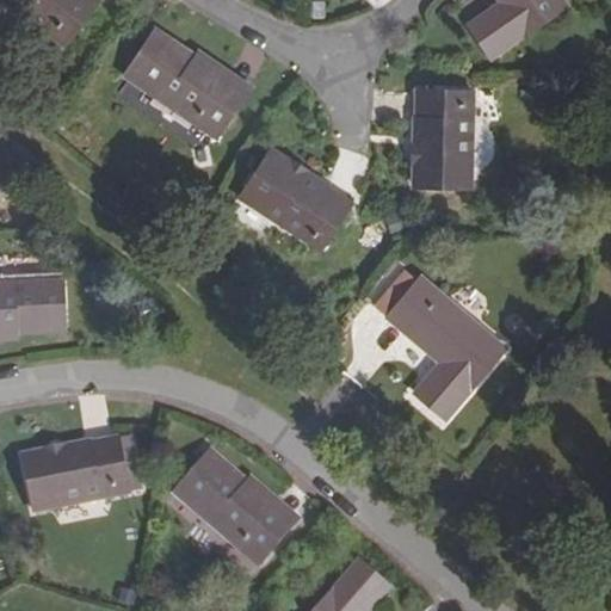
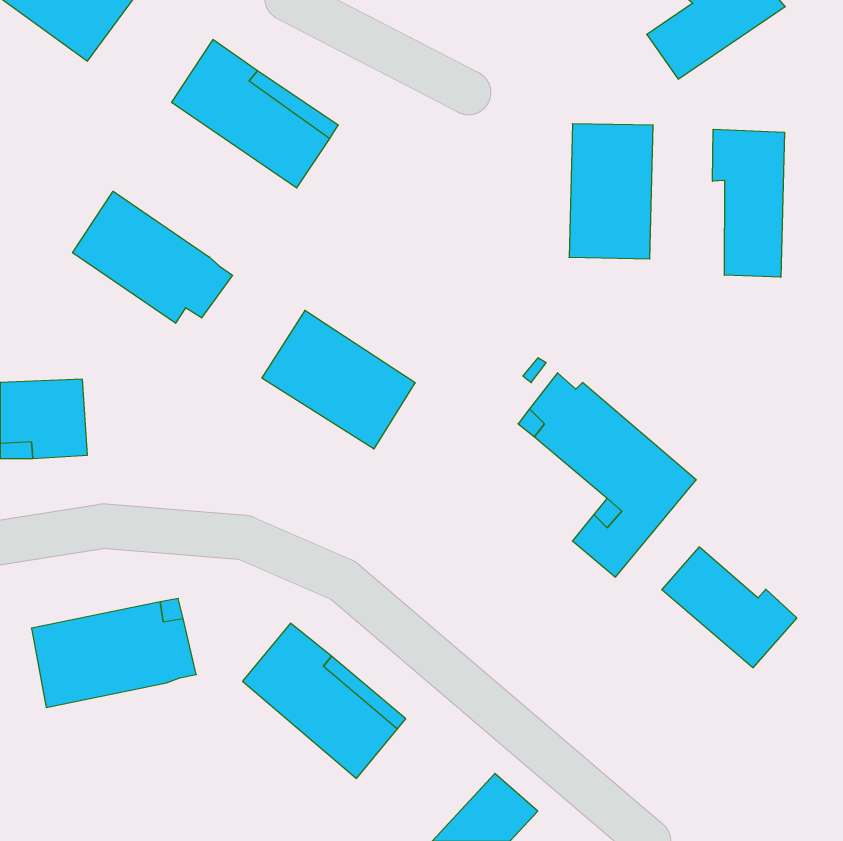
building: none -> [713,129,784,277]
building: none -> [73,191,233,323]
building: [239,148,350,248] -> [262,310,415,449]
building: none -> [662,547,797,668]

